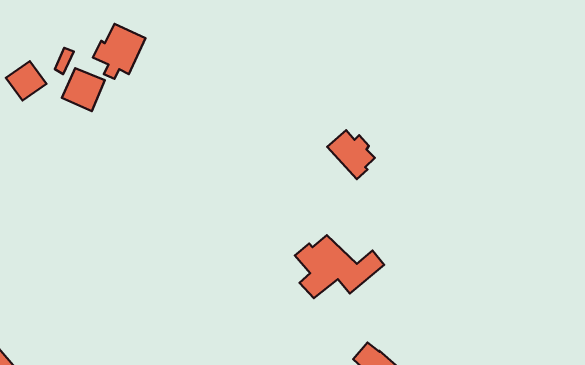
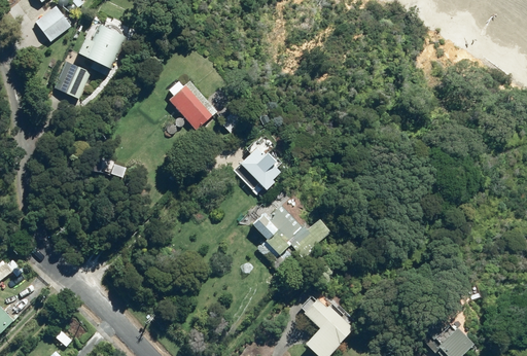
building: [6,61,46,101] -> [35,7,70,41]
building: none -> [169,85,212,129]
building: [327,130,375,179] -> [241,147,282,189]

